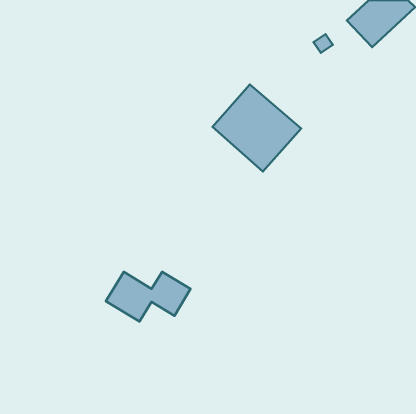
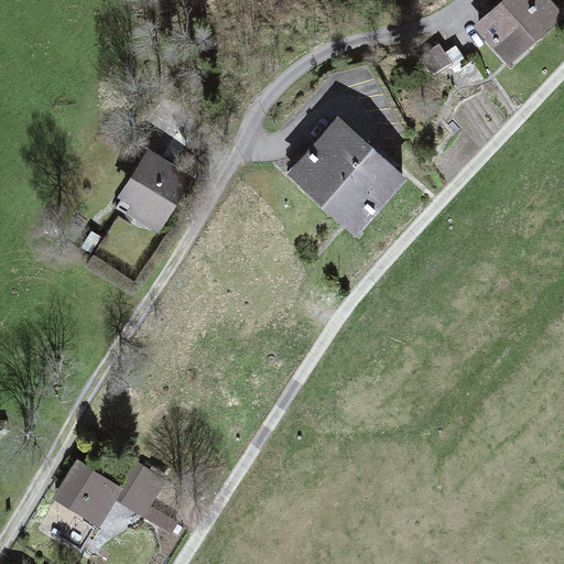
building: none -> [122,154,188,226]
building: [106,272,191,321] -> [53,458,167,525]

